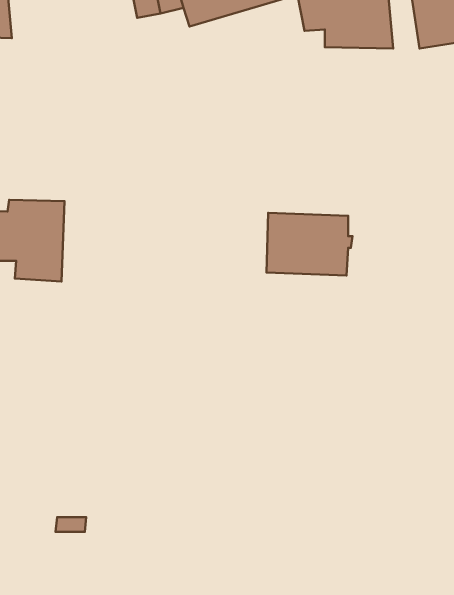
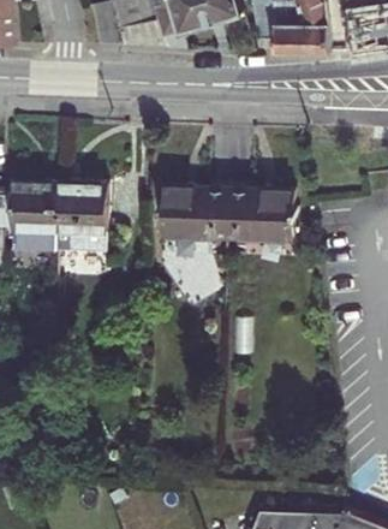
building: none -> [56,180,107,248]
building: none -> [157,188,227,239]

